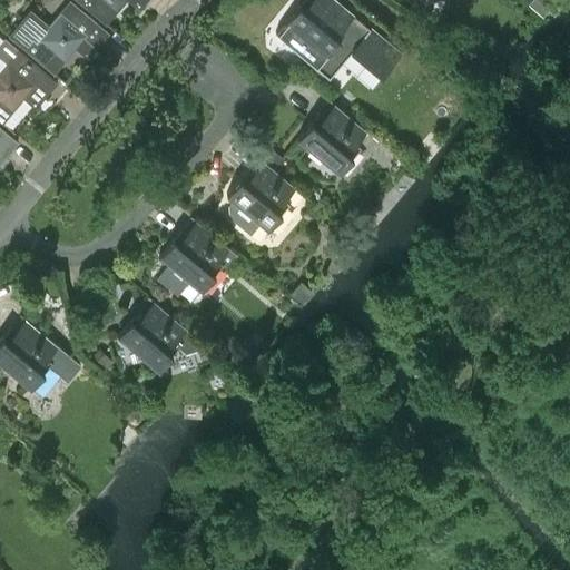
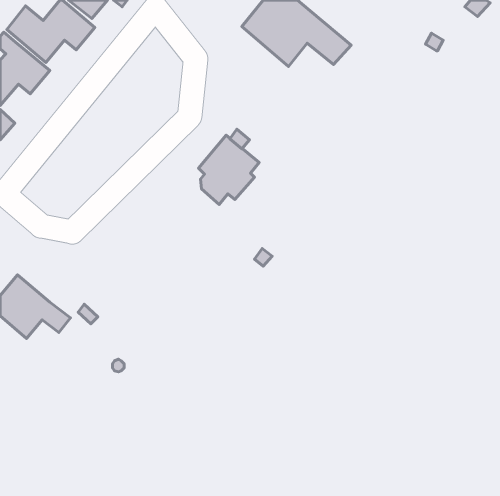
building: [297,102,366,175] -> none
building: [157,219,228,297] -> none
building: [117,299,207,372] -> none

